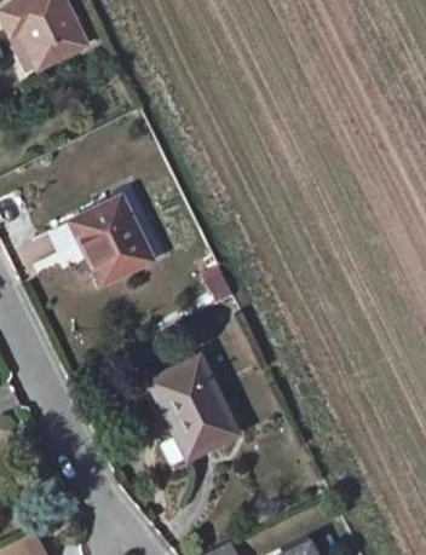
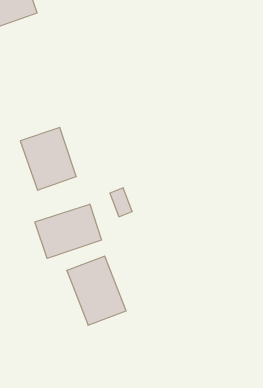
building: none -> [35,204,101,258]

